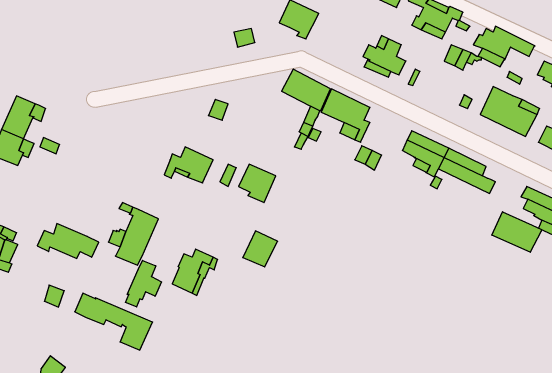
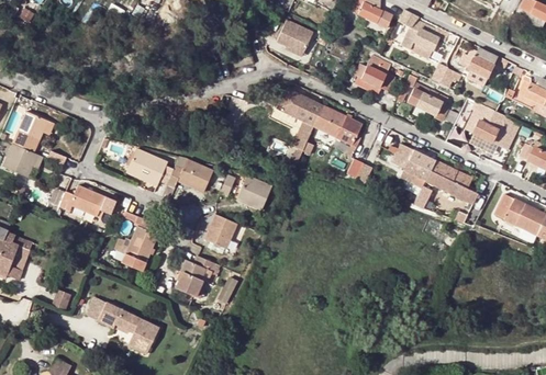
building: none -> [406,83,448,122]
building: none -> [125,151,171,189]
building: [492,212,542,252] -> none
building: [37,224,99,258] -> [59,184,118,217]
building: [243,231,278,267] -> [203,215,236,249]
building: [125,260,162,307] -> none

